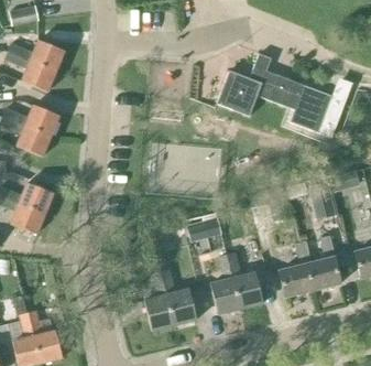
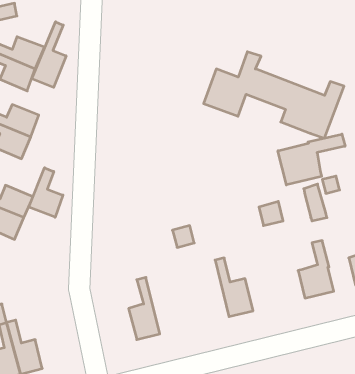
building: none -> [32,22,66,87]
building: none -> [278,134,345,185]
building: none -> [29,168,63,217]
building: [280,240,314,297] -> none
building: [211,254,241,313] -> none
building: [162,268,197,324] -> none

